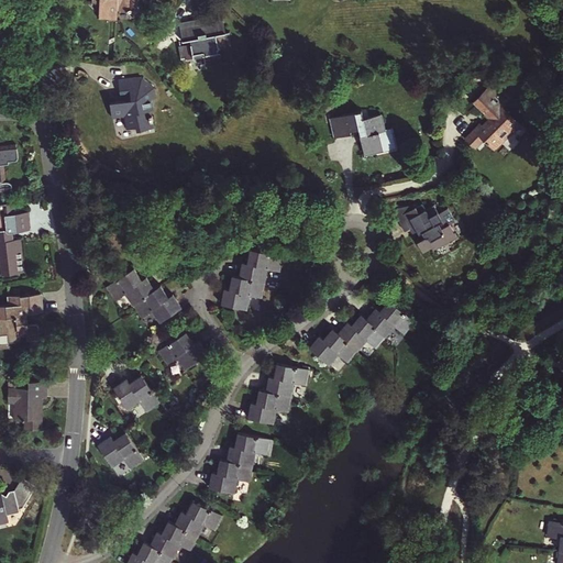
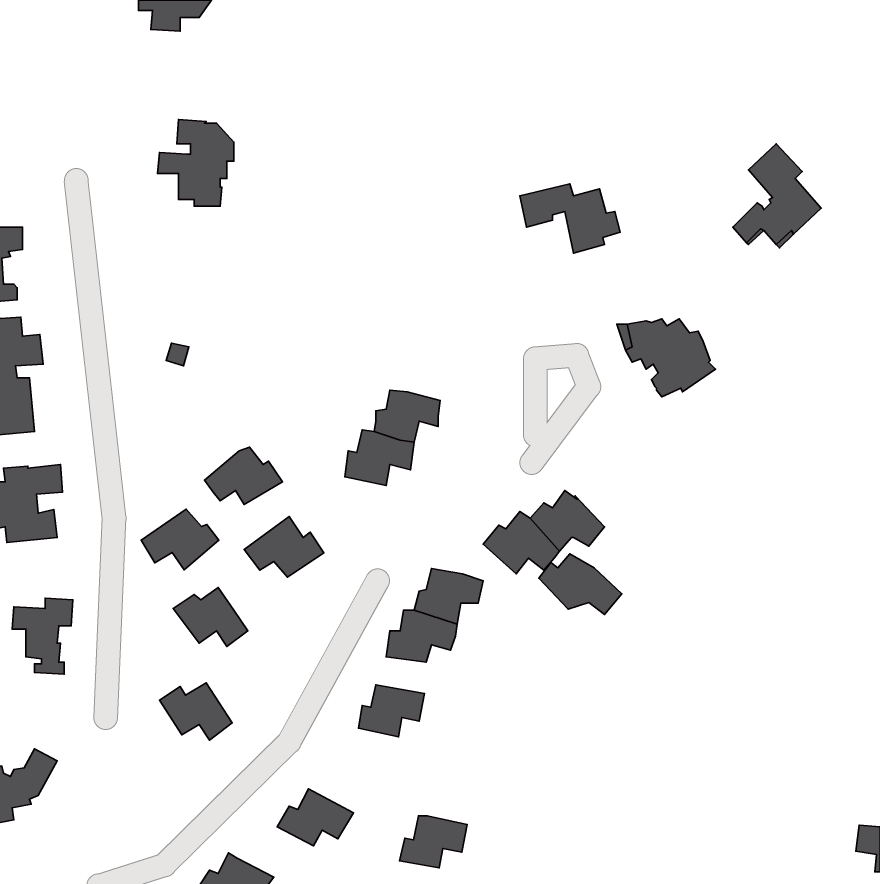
building: [176,19,227,68] -> none
building: [102,267,152,306] -> [141,509,219,570]
building: [365,300,418,339] -> [539,554,622,615]
building: [210,463,253,496] -> [399,816,467,868]
building: [151,522,199,558] -> none

